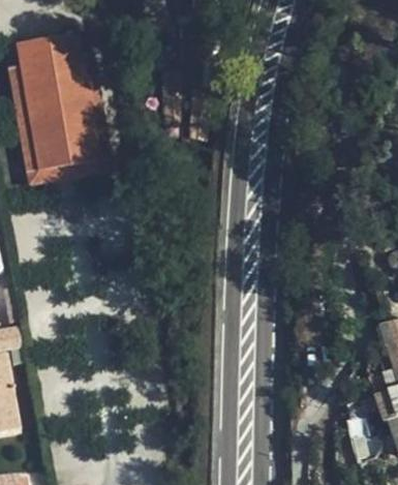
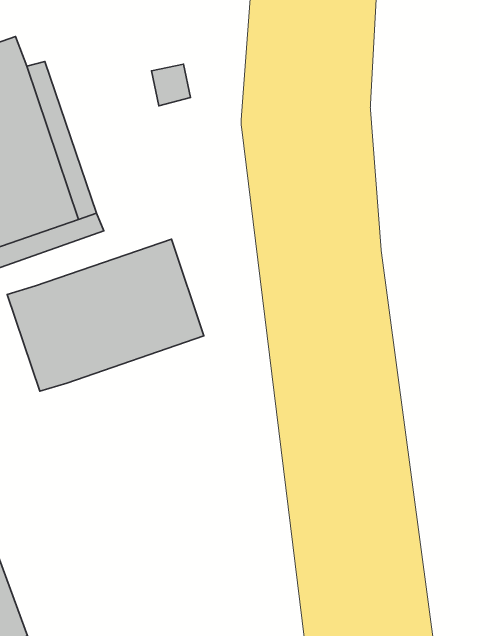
building: none -> [7,239,204,391]

